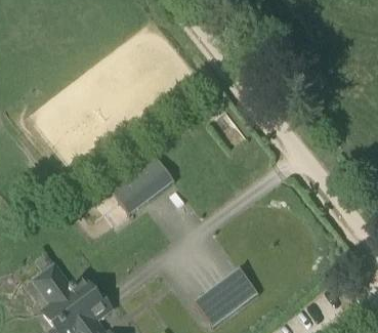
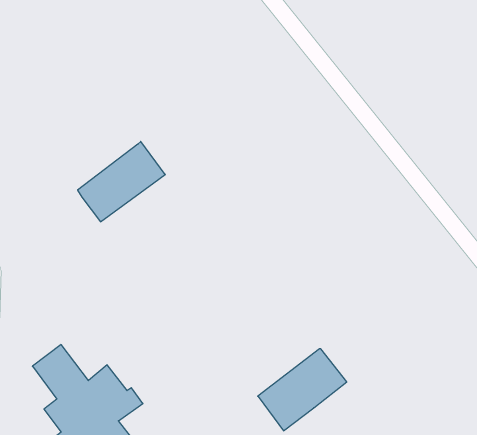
building: [111,156,173,213] -> [78,141,165,222]

